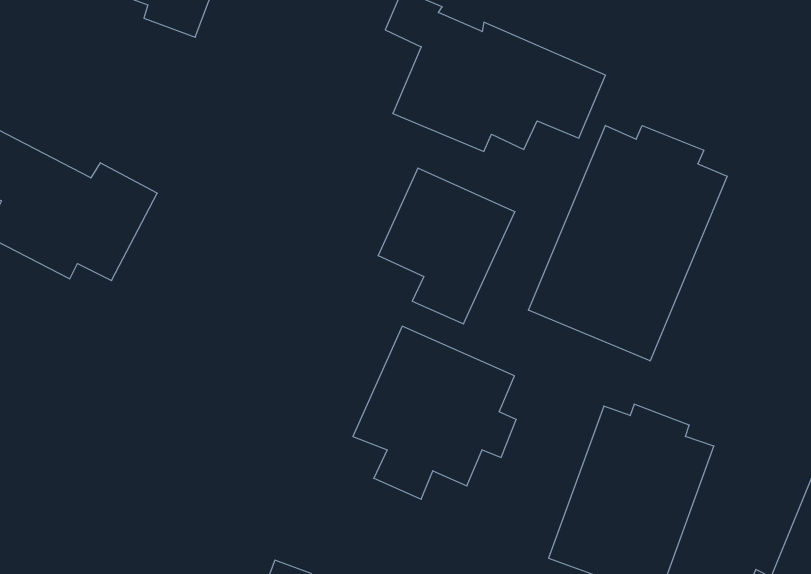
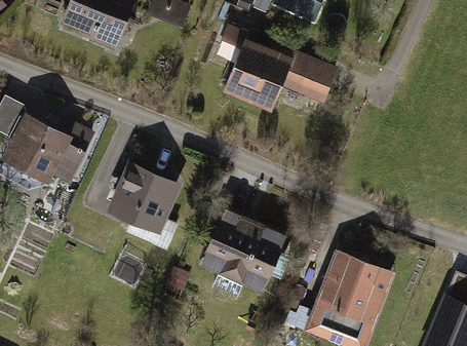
building: [528,125,727,361] -> none
building: [378,168,515,324] -> [107,159,181,243]

